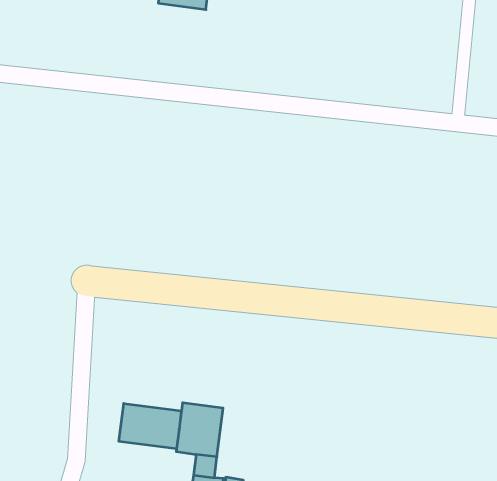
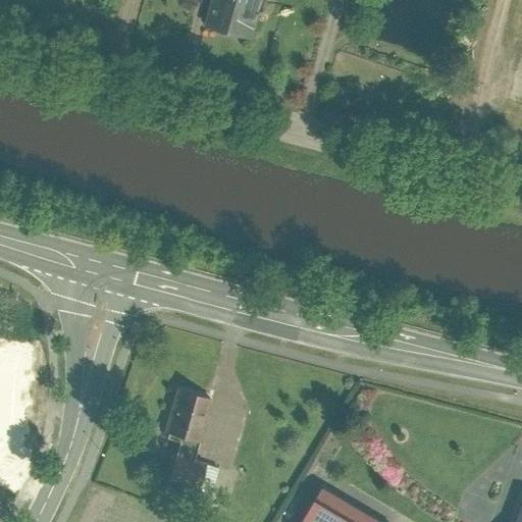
building: [119,403,181,449] -> none

